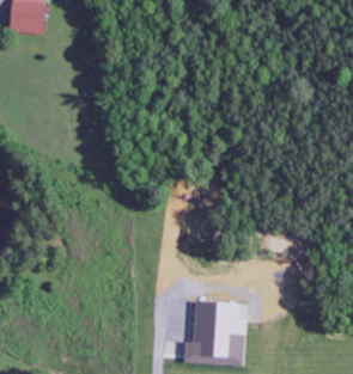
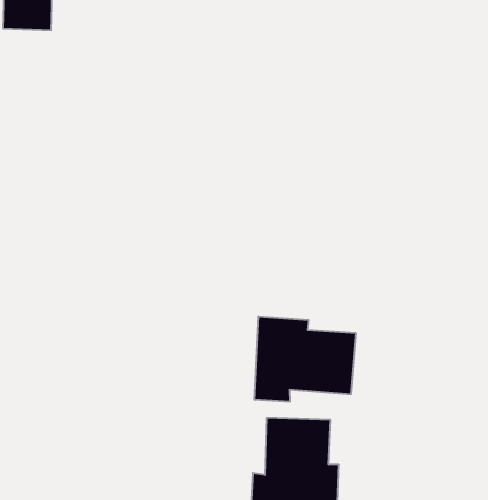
building: none -> [255,316,356,402]

